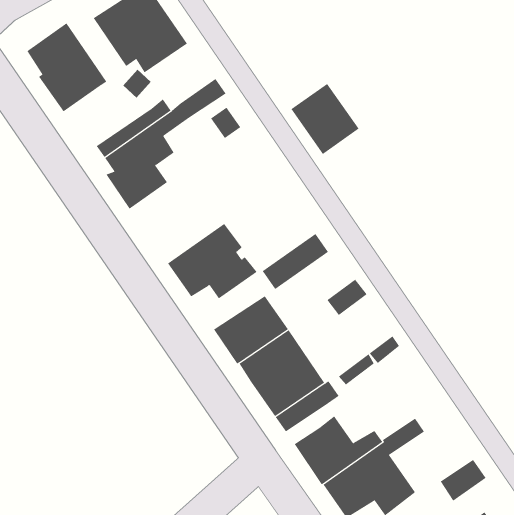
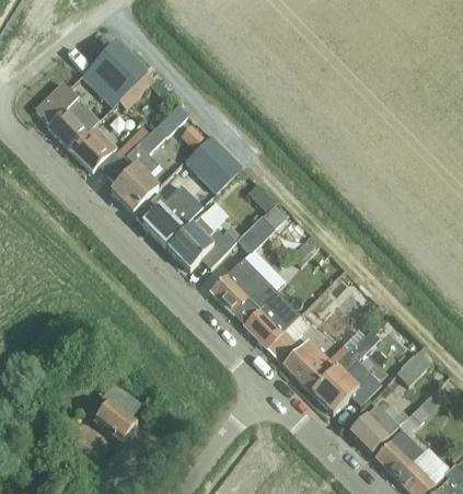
building: [290,83,360,155] -> [186,138,240,192]
building: none -> [71,124,116,170]
building: none -> [136,184,202,243]
building: none -> [94,379,140,441]

